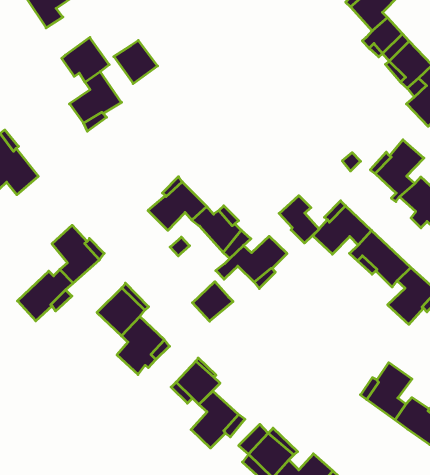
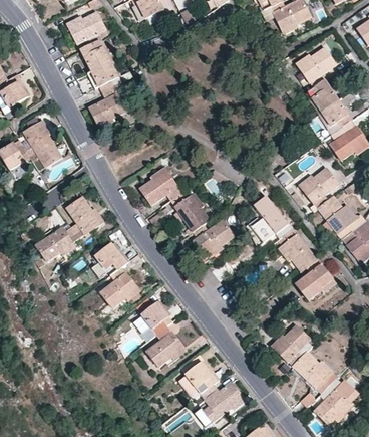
building: [114,40,158,84] -> [82,43,112,73]
building: [279,196,319,243] -> none
building: [192,282,233,321] -> none

